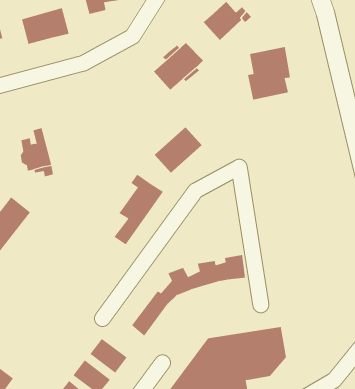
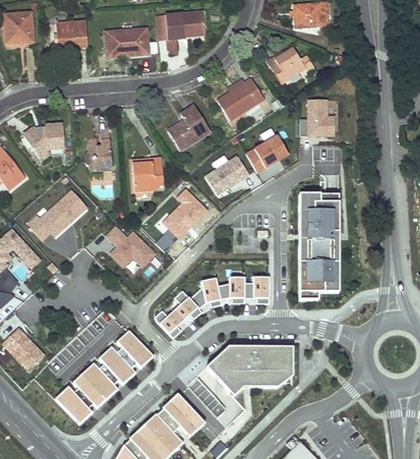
building: none -> [169,107,209,149]
building: none -> [246,133,288,169]
building: none -> [132,160,163,190]
building: none -> [297,193,338,291]
building: none -> [106,225,164,277]

